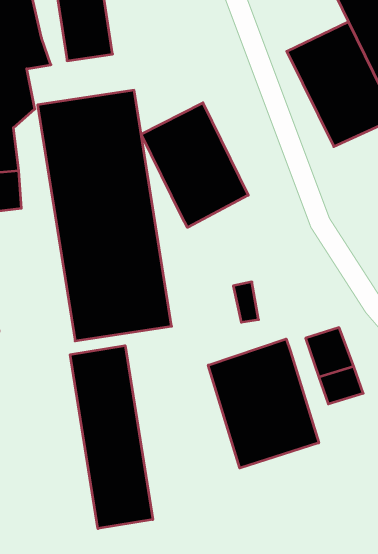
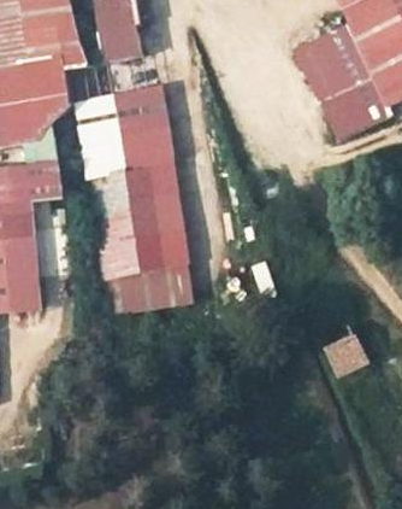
building: [141,103,248,227] -> none
building: [208,339,319,468] -> none
building: [70,346,153,529] -> none

